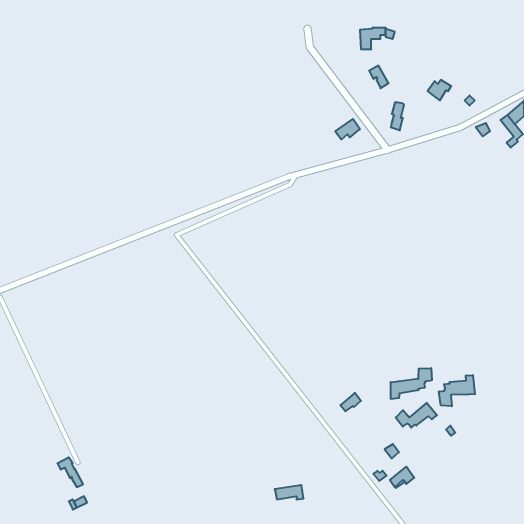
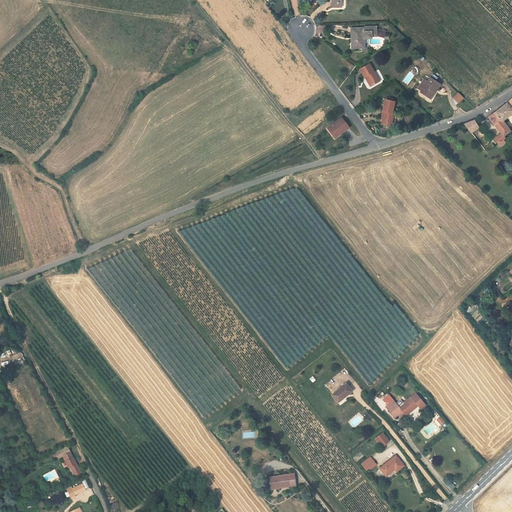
building: [391,368,432,399] -> none
building: [439,375,475,406] -> none

